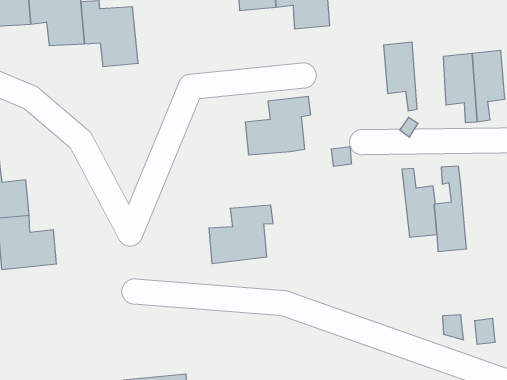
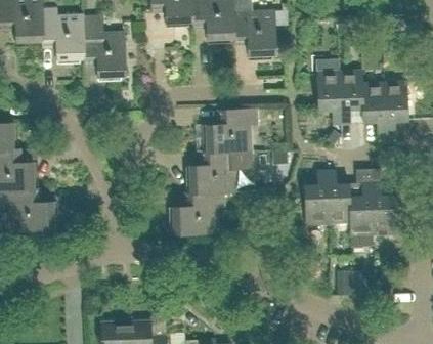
building: none -> [339,70,362,123]
building: none -> [189,150,241,192]
building: none -> [304,169,329,223]
building: none -> [371,181,395,233]

